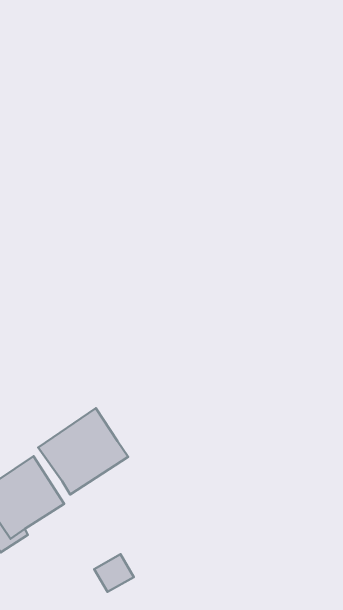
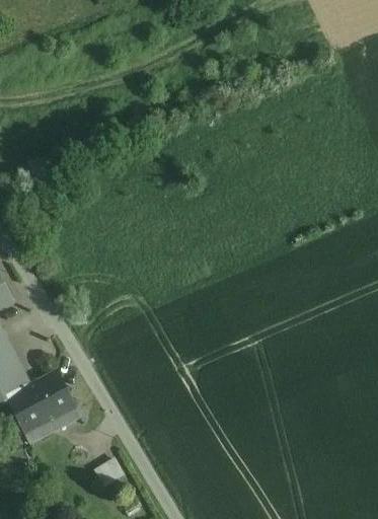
building: [38,408,128,494] -> none

